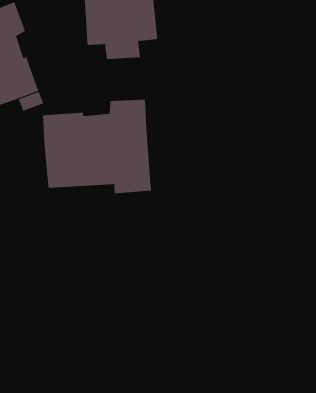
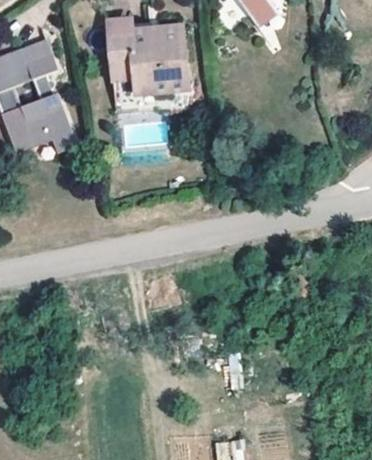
building: [42,99,152,194] -> none

